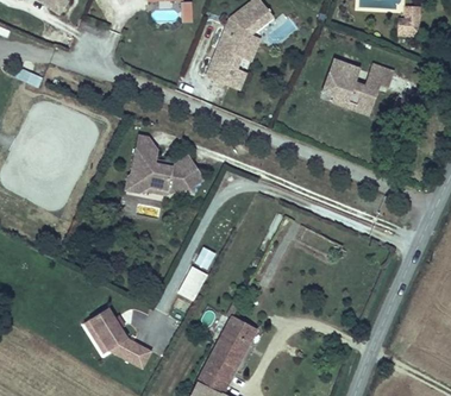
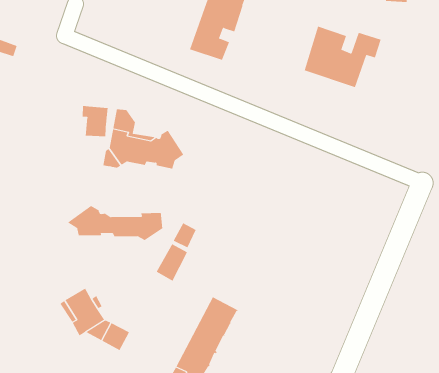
building: none -> [82,105,108,137]
building: none -> [67,205,163,241]

